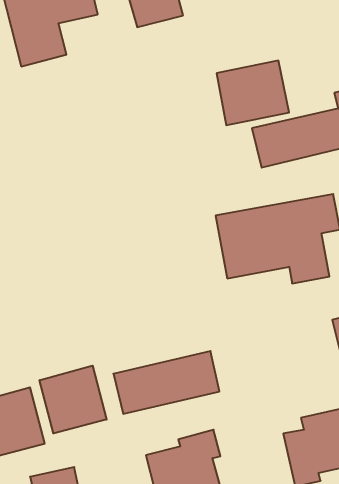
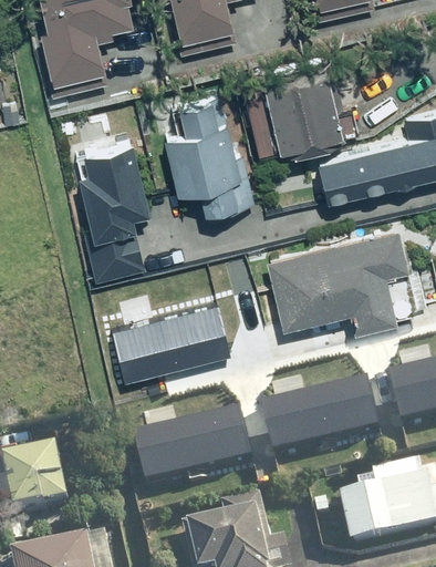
building: none -> [168,102,266,223]
building: none -> [80,140,146,272]
building: none -> [122,302,241,373]
building: none -> [269,379,388,450]
building: [40,366,107,433] -> none

